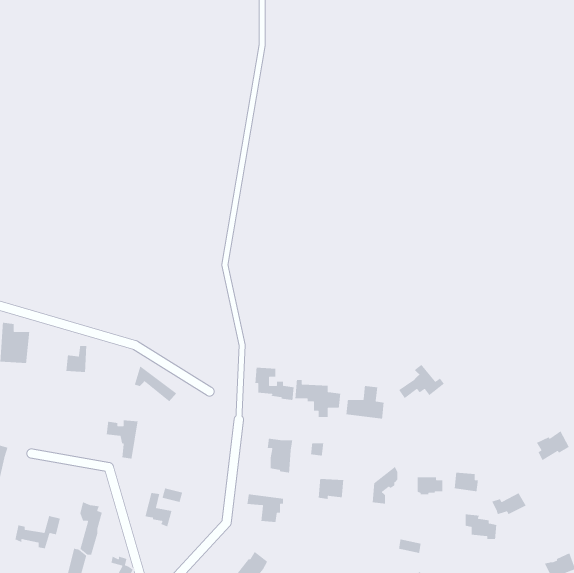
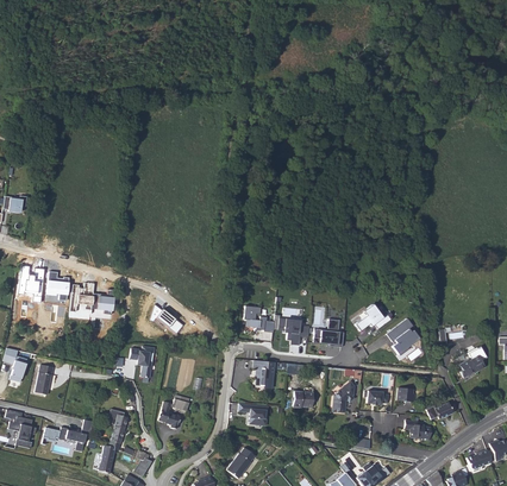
building: none -> [69,284,95,313]
building: none -> [386,317,418,353]

